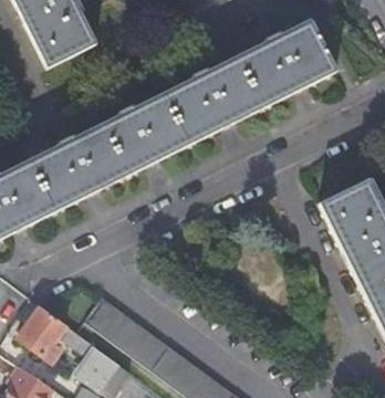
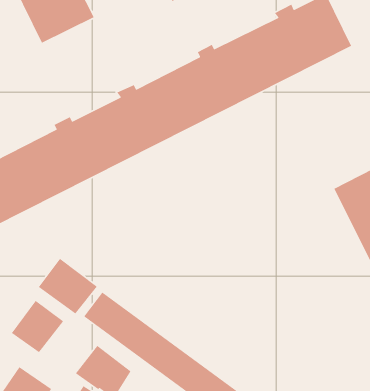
building: none -> [38,258,98,315]

